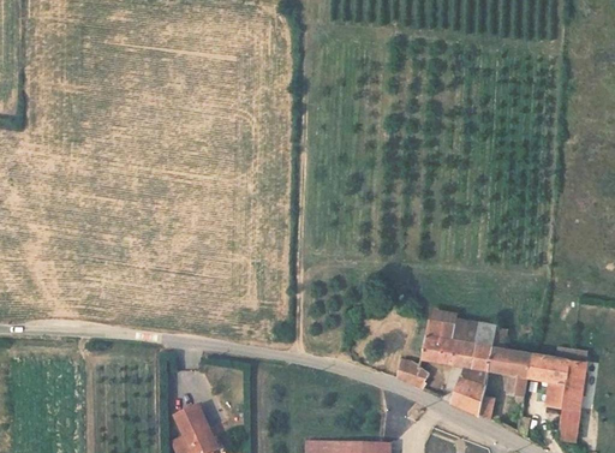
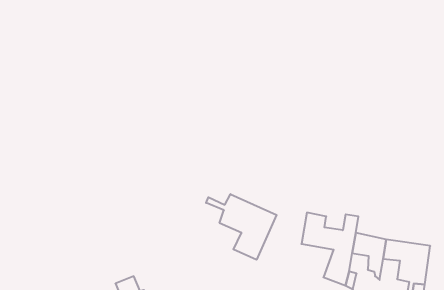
building: none -> [206,194,277,260]
building: [396,359,430,388] -> none

